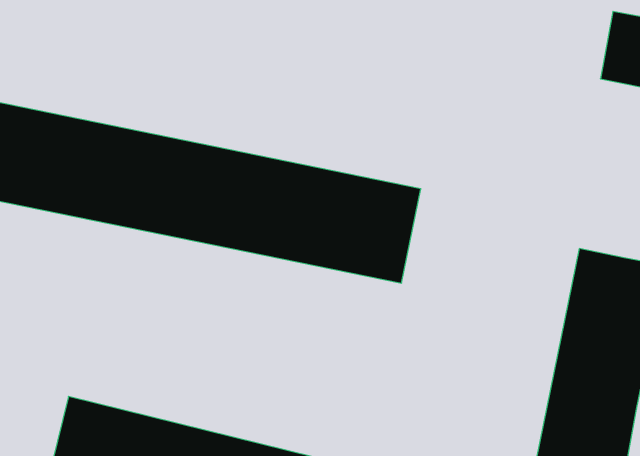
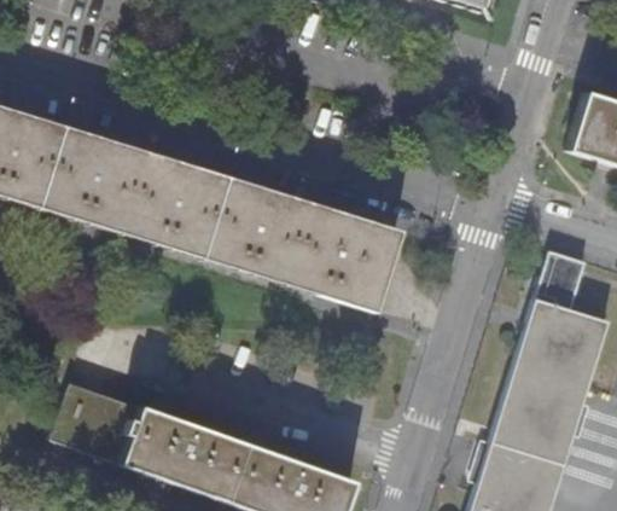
building: none -> [536,254,587,309]

